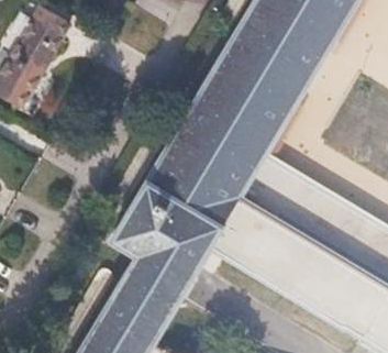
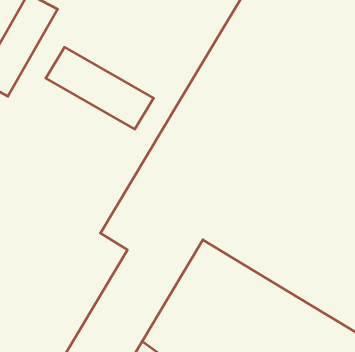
building: none -> [46,47,154,129]

